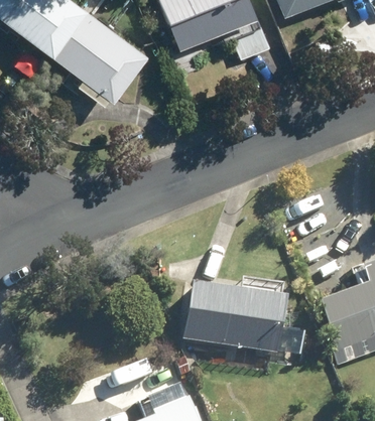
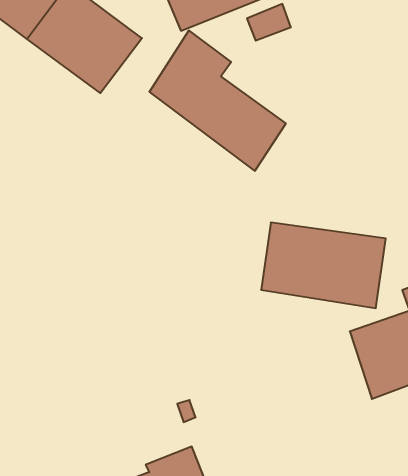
building: none -> [149,30,286,171]
building: [184,281,287,352] -> [261,223,386,308]

